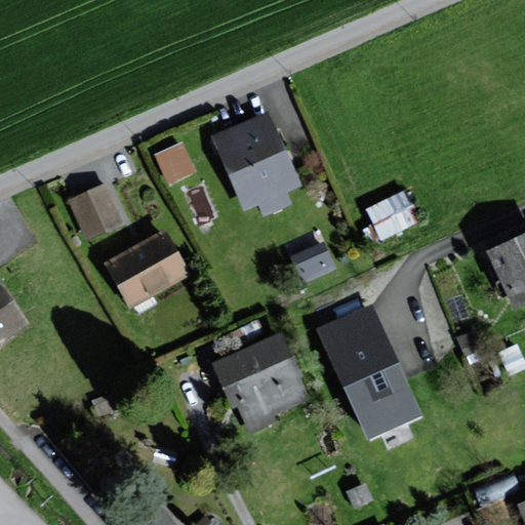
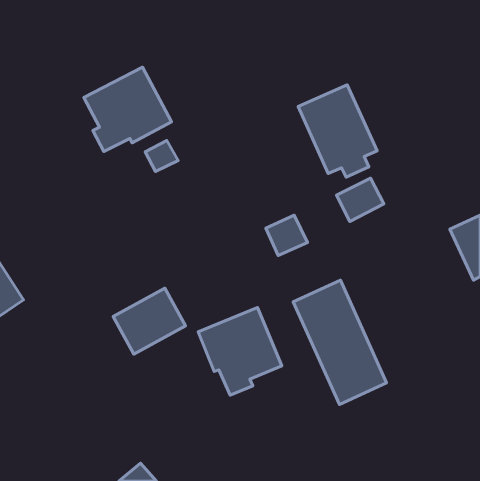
building: none -> [84,67,171,151]
building: [212,113,298,213] -> [298,85,377,177]
building: [70,185,121,238] -> none
building: [108,232,187,304] -> [113,288,186,354]

